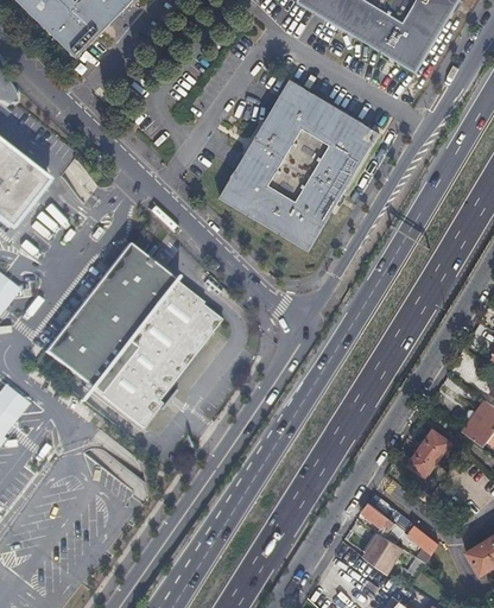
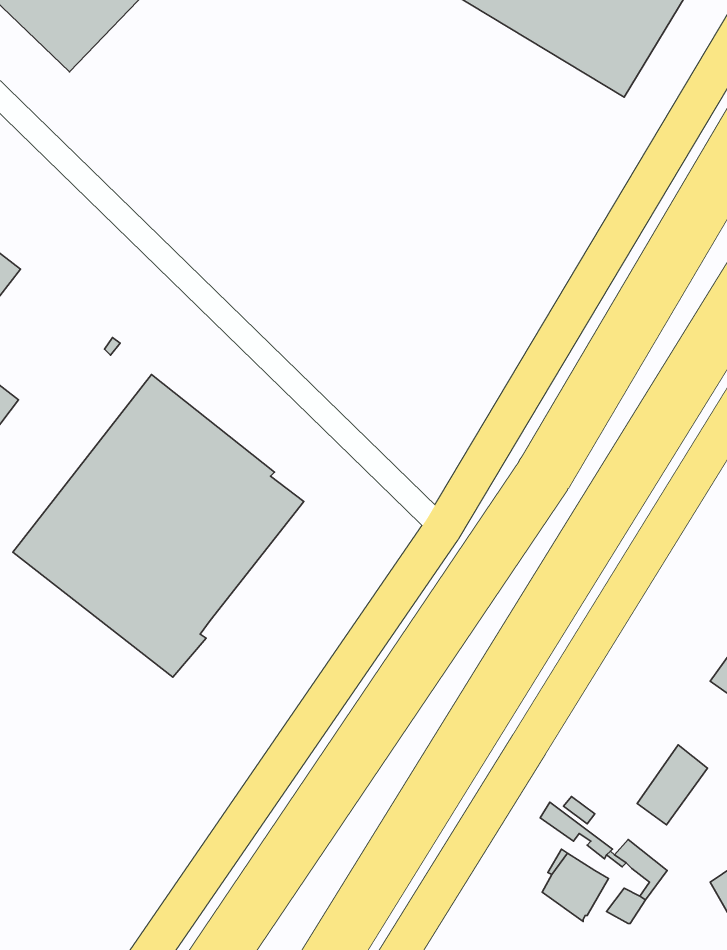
building: [215,77,378,252] -> none
building: [410,428,452,476] -> [637,745,708,825]

